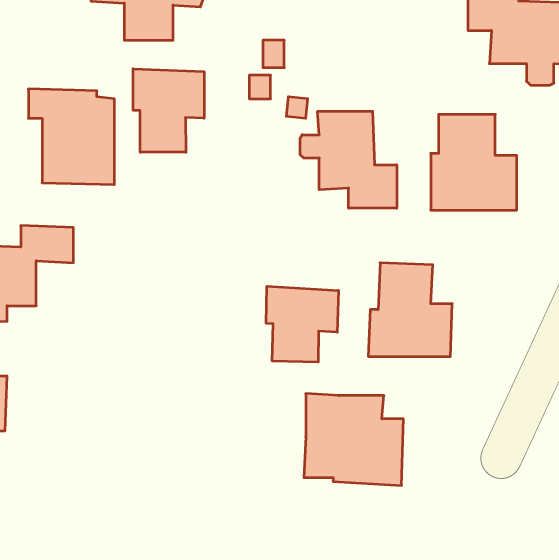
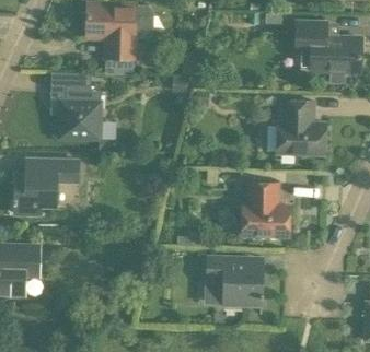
building: [133,69,204,152] -> none
building: [300,111,397,208] -> none
building: [266,286,338,362] -> none

